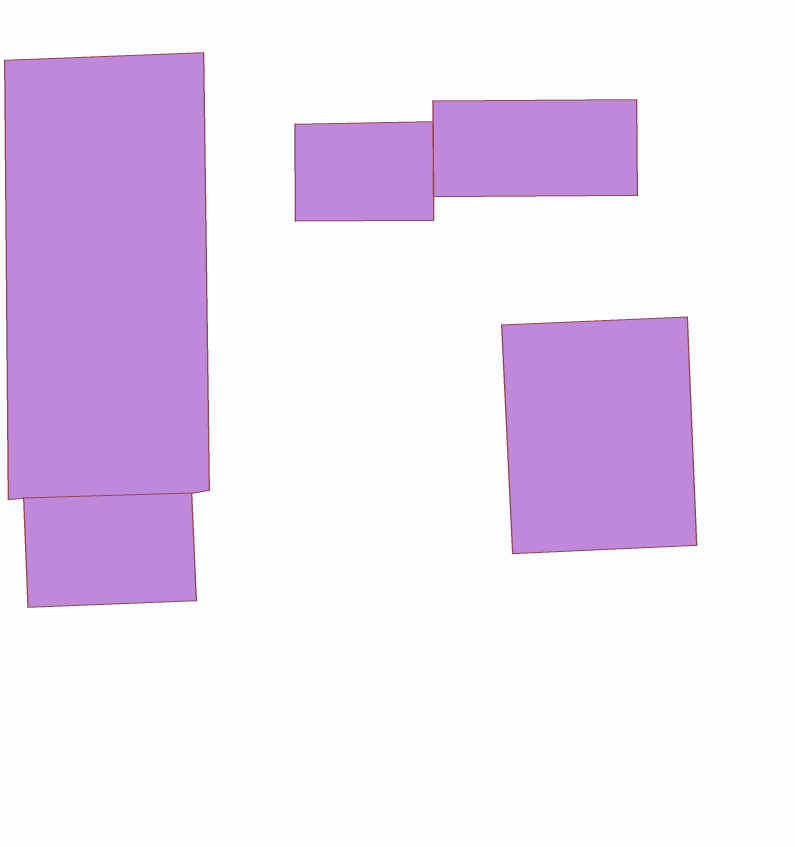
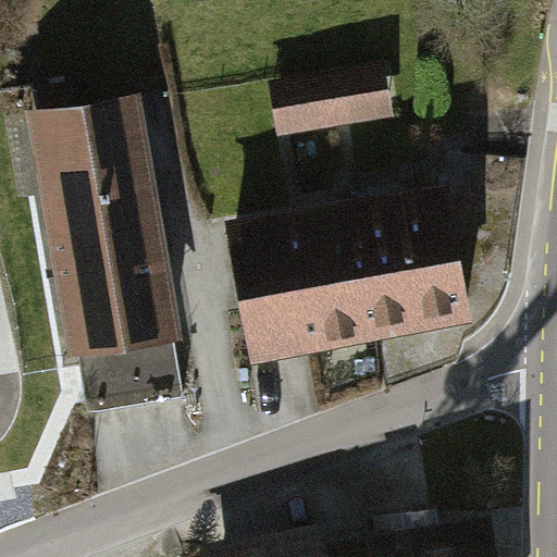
building: [295,122,434,221] -> none
building: none -> [224,214,356,364]

